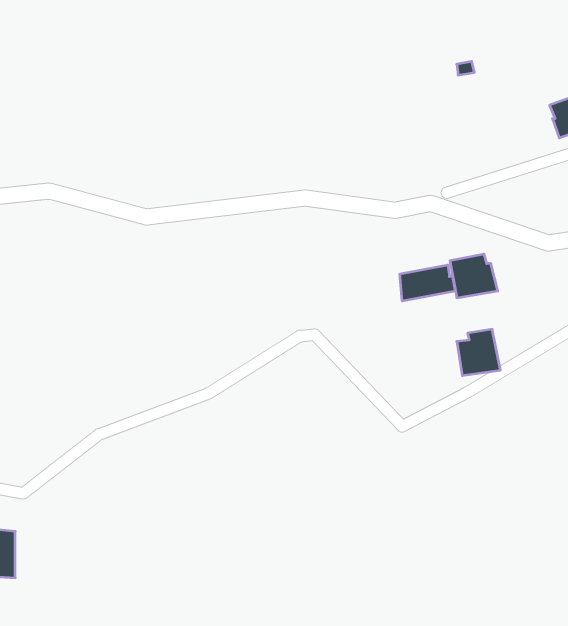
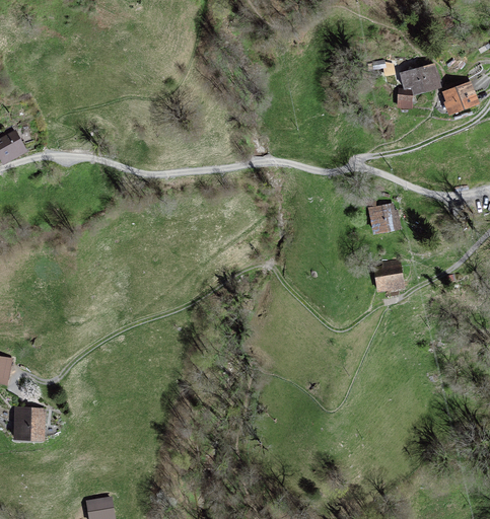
building: none -> [397,63,441,109]
building: [400,265,455,301] -> none

